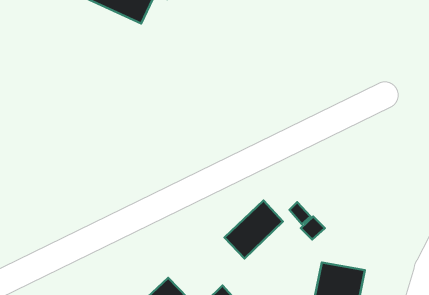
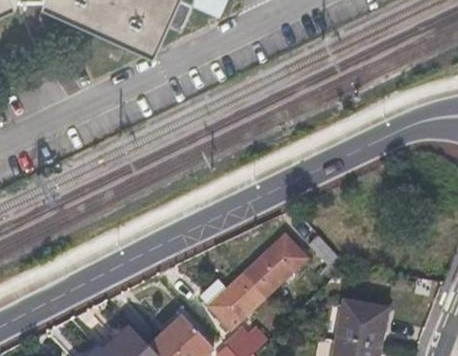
building: none -> [201,276,263,328]

